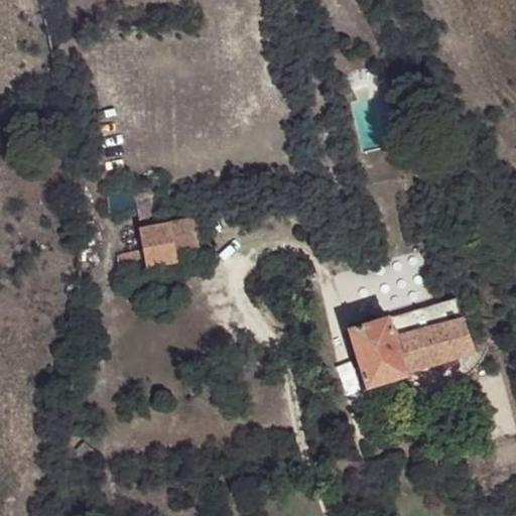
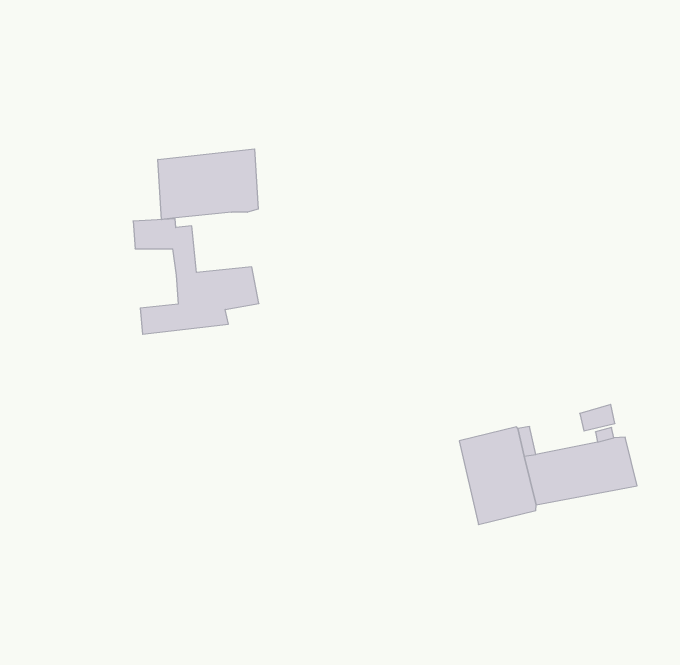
building: none -> [158,149,258,220]

